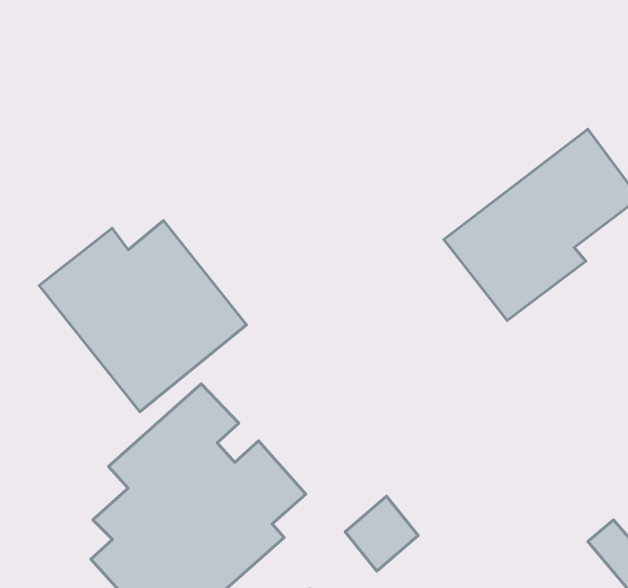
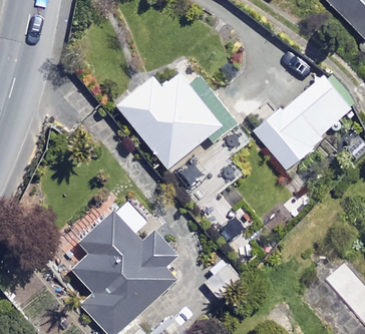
building: [39,220,246,412] -> [116,72,222,170]

